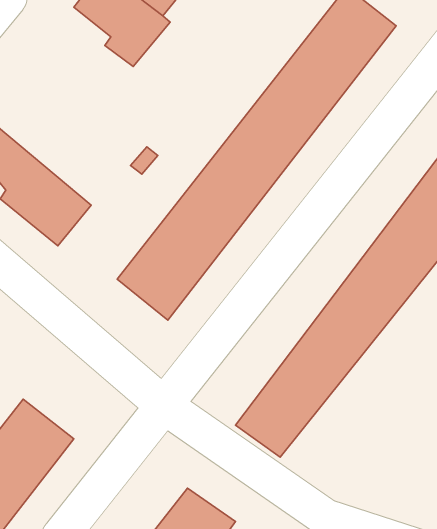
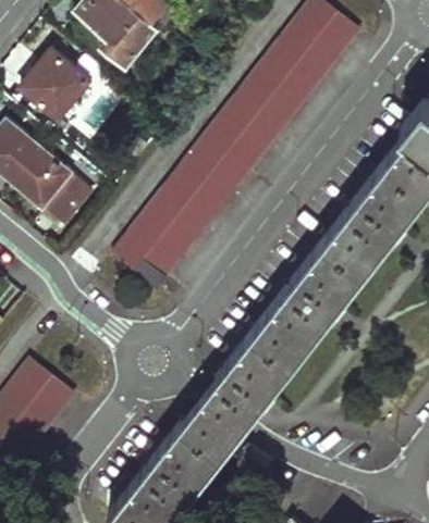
building: none -> [21,48,91,119]
building: none -> [174,381,256,465]

